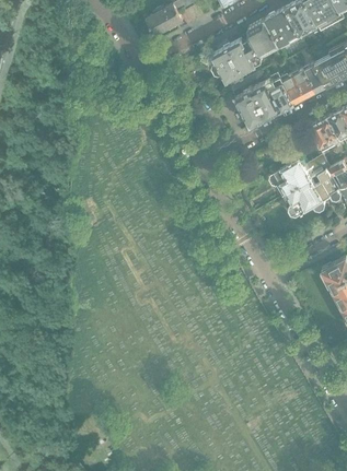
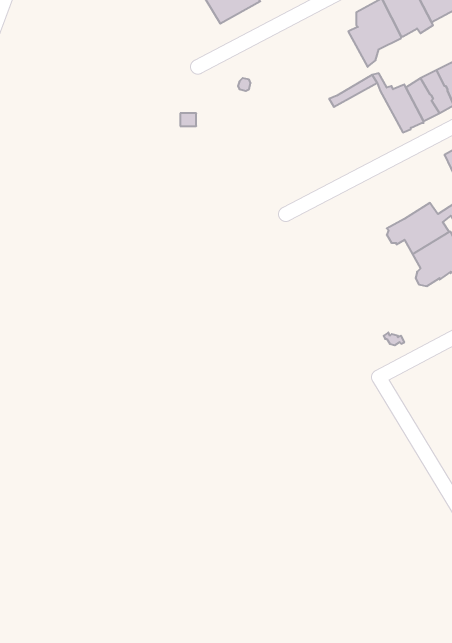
building: [211,39,256,82] -> none
building: [235,83,280,128] -> none

